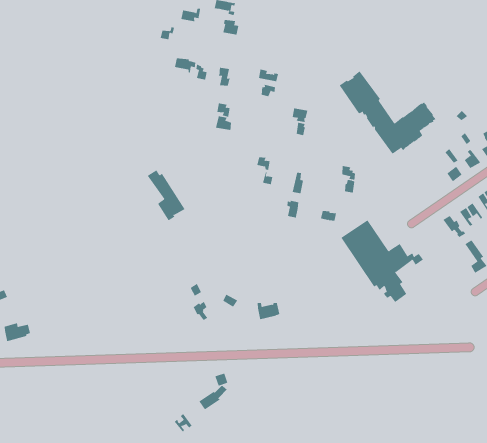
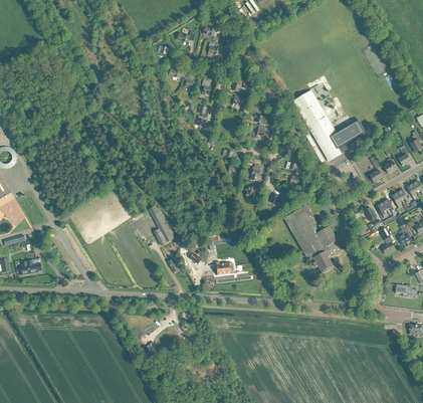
building: [147,170,185,221] -> [148,205,175,245]

